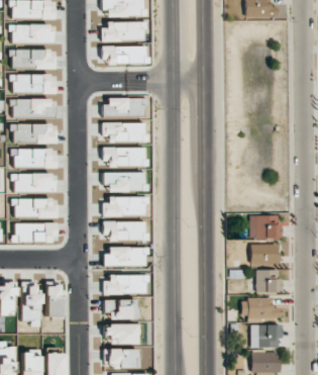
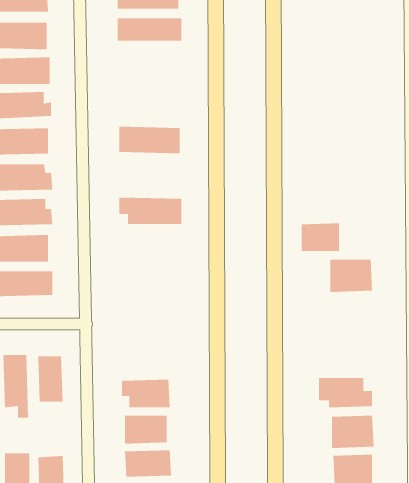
building: [103,98,146,115] -> none
building: [103,148,147,167] -> none
building: [106,197,147,215] -> none
building: [104,221,147,241] -> none
building: [251,244,279,264] -> [301,223,340,252]
building: [104,247,148,265] -> none
building: [257,269,280,292] -> none
building: [106,275,148,294] -> none

